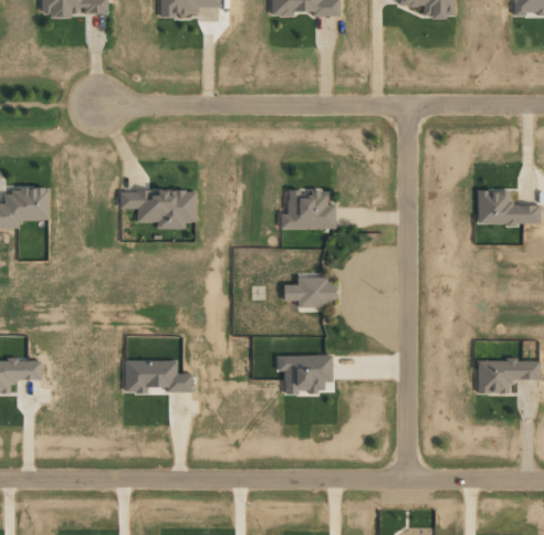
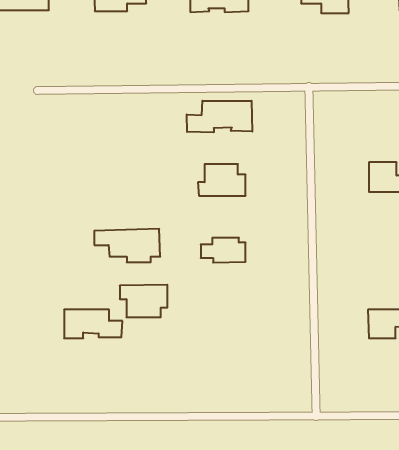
building: none -> [187,101,252,132]
building: [119,189,196,228] -> [94,229,160,262]
building: [276,354,332,391] -> [120,285,167,317]

